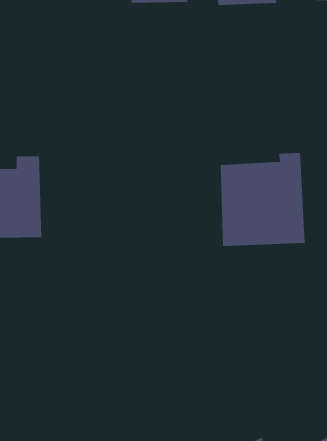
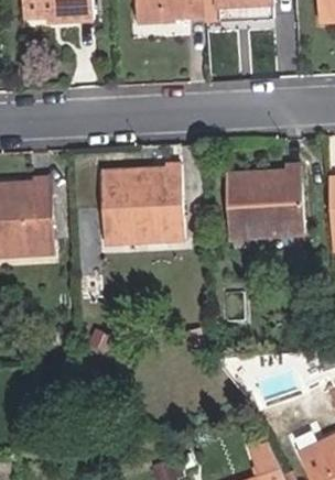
building: none -> [101,157,184,244]

